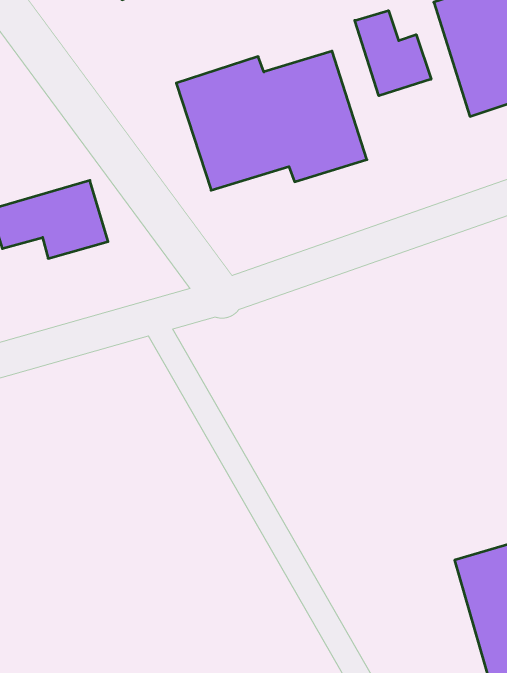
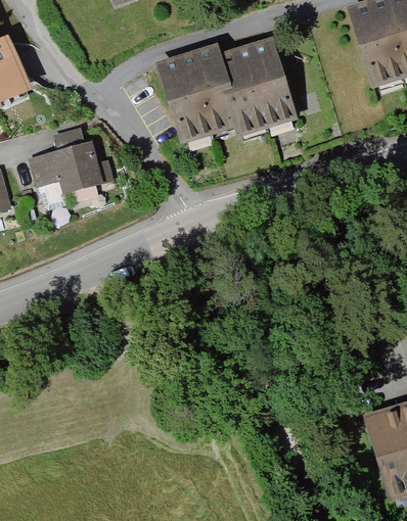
building: [355,11,431,96] -> none

